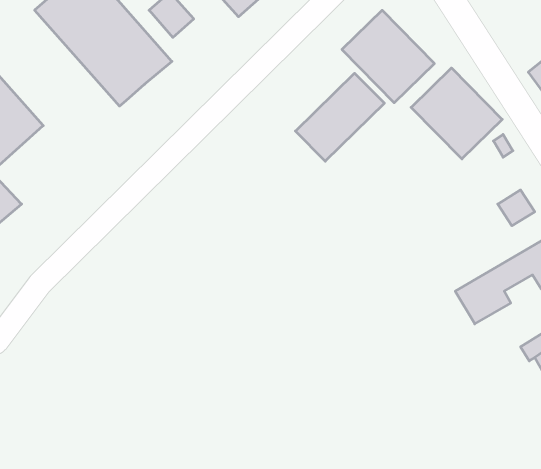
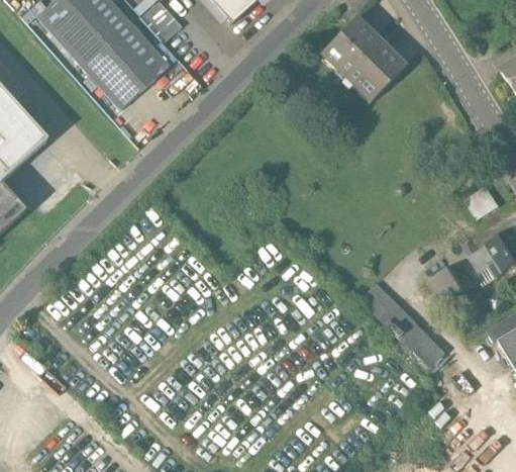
building: [411,68,502,159] -> none
building: [295,73,384,161] -> none
building: none -> [362,283,450,372]

